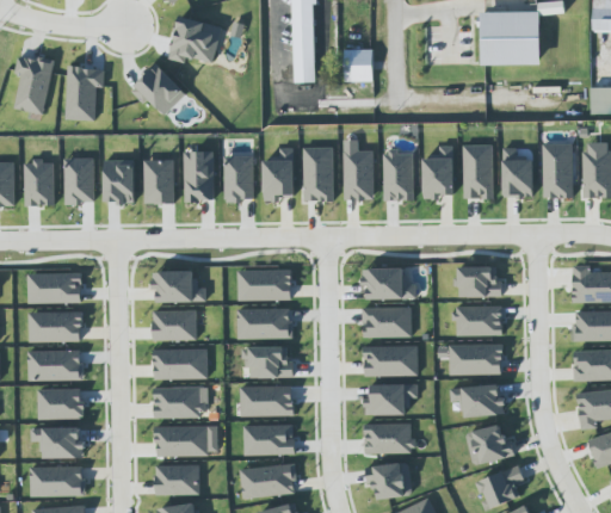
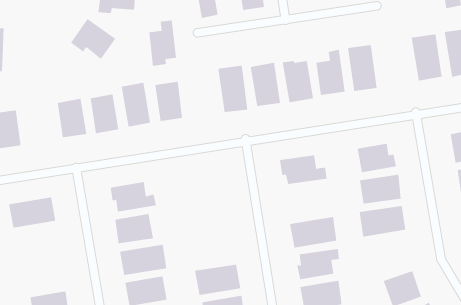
building: [66,67,104,120] -> none
building: [502,147,533,197] -> none
building: [263,148,295,200] -> [148,20,177,66]
building: [64,157,94,203] -> none
building: [237,268,291,301] -> none
building: [362,307,412,338] -> none
building: [236,308,291,339] -> none
building: [29,311,82,341] -> none
building: [245,346,290,377] -> none
building: [27,350,82,381] -> none
building: [450,384,502,416] -> none

